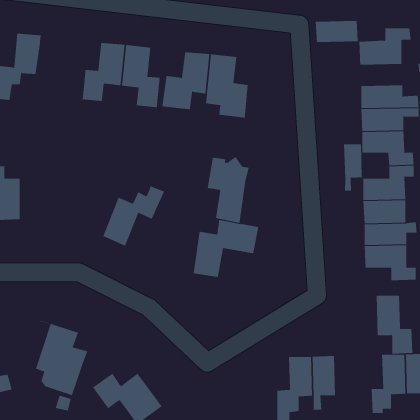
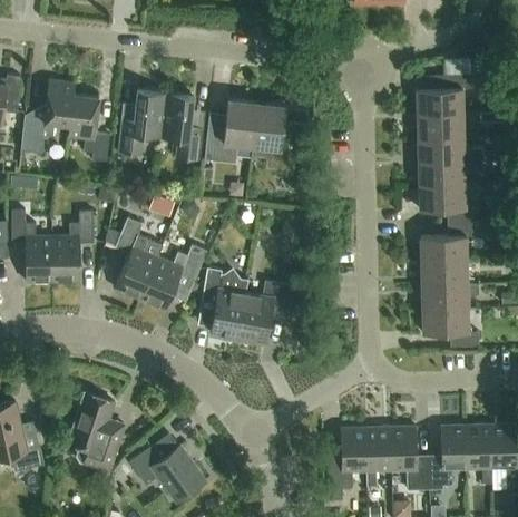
building: [315,21,359,42] -> [417,114,463,137]
building: none -> [68,94,109,162]
building: [343,144,362,191] -> none
building: none -> [52,211,94,281]
building: [207,156,249,223] -> [202,266,247,339]
building: none -> [115,217,157,299]
building: [376,295,413,354] -> [390,427,430,490]

